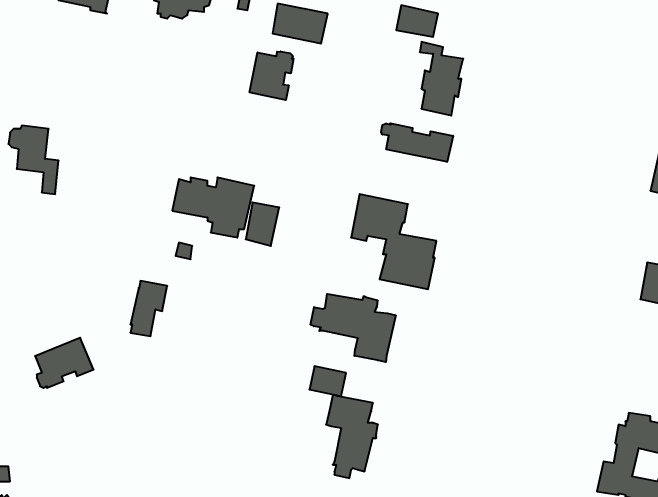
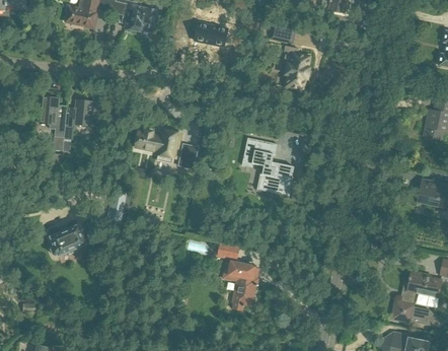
building: [250,51,294,100] -> none
building: [381,123,453,162] -> none
building: none -> [63,100,93,140]
building: [311,294,396,362] -> none

